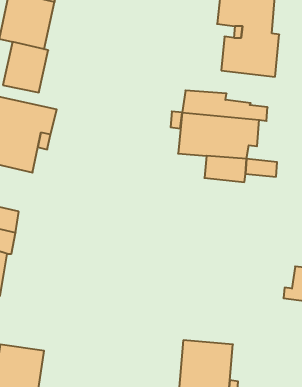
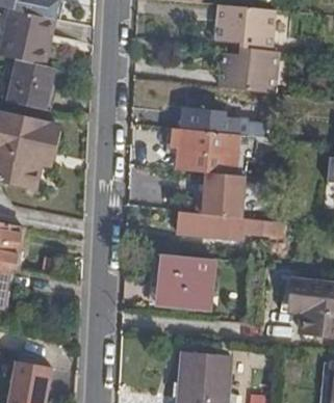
building: none -> [174,210,282,239]
building: none -> [150,253,213,310]

